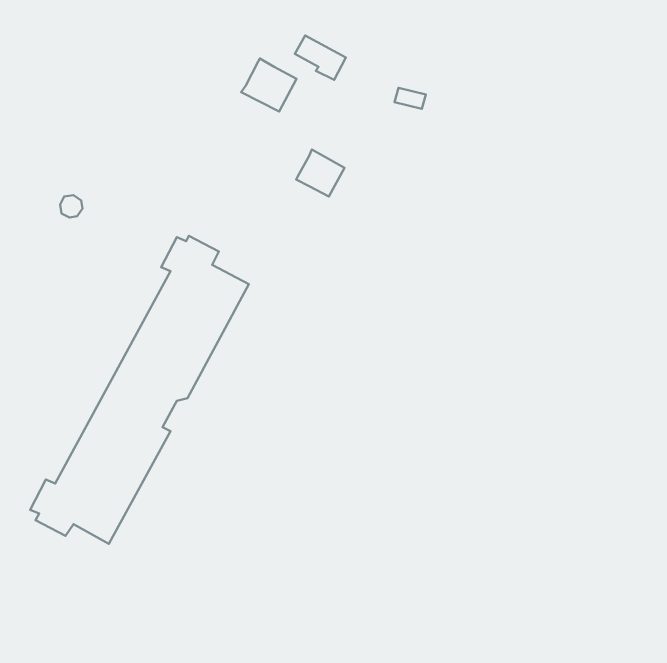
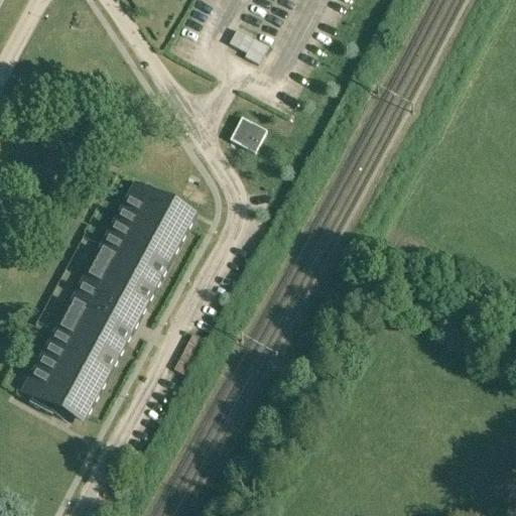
building: [241,58,296,112] -> none

